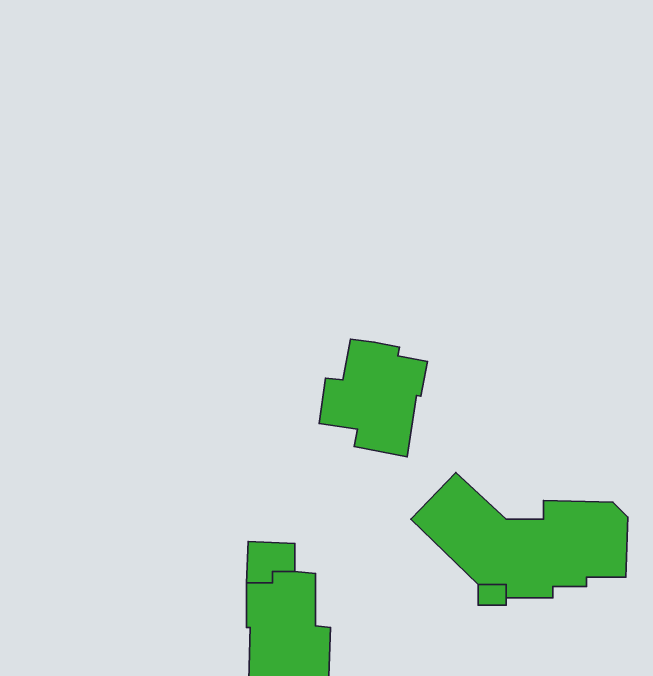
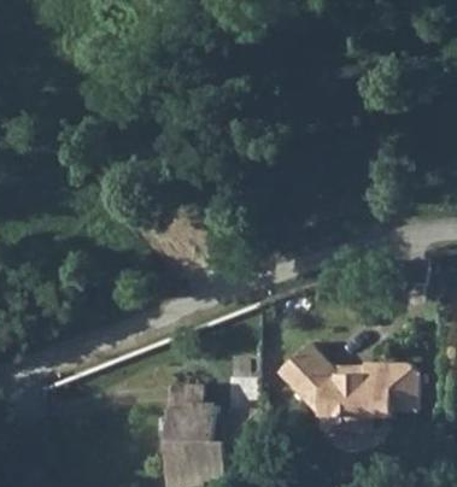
building: [319,339,427,457] -> none

